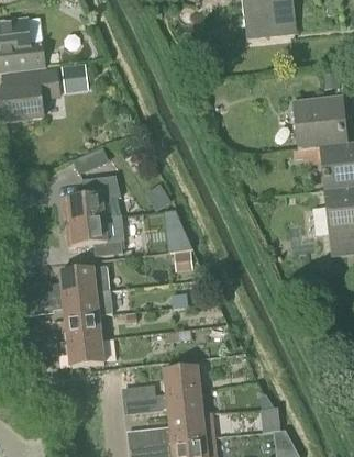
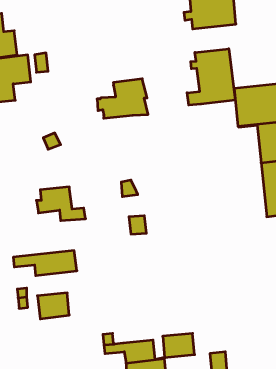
building: none -> [187,49,235,105]
building: [64,175,122,220] -> [97,79,148,118]
building: [40,266,110,297] -> none
building: [66,312,113,341] -> none
building: [164,367,200,394] -> [163,333,195,357]

